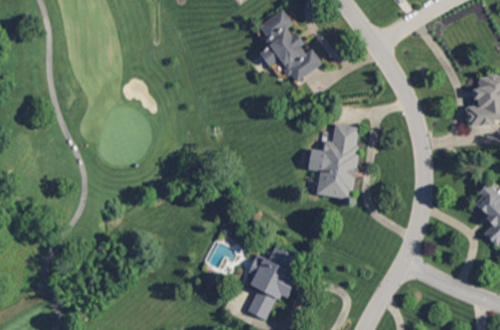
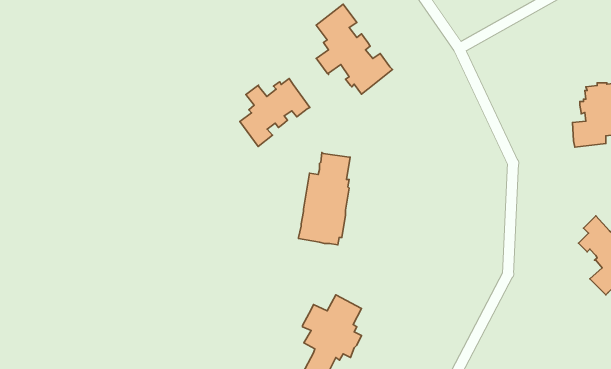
building: none -> [240,79,310,146]
building: [316,124,358,199] -> [299,152,350,245]

